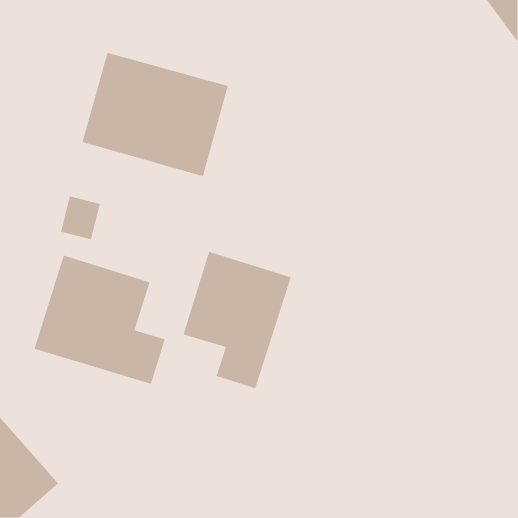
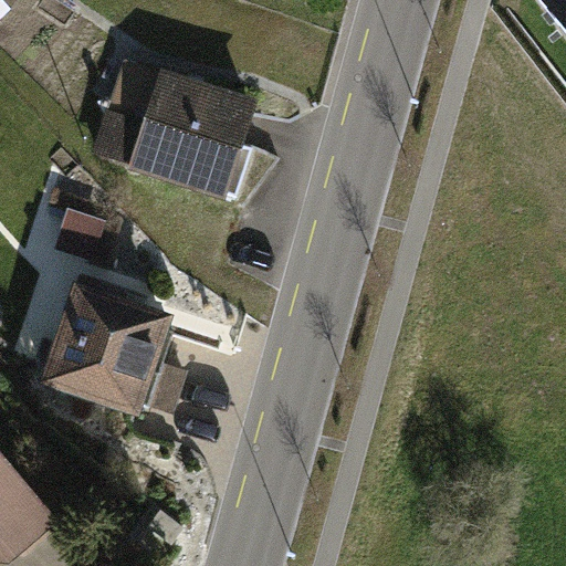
building: [183,251,292,389] -> none

